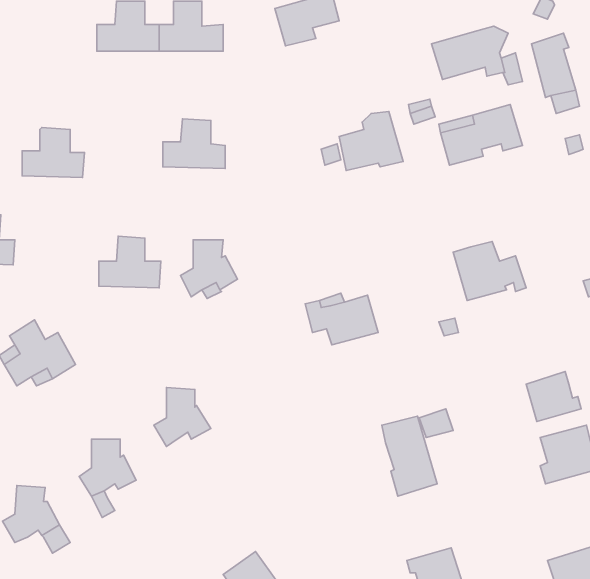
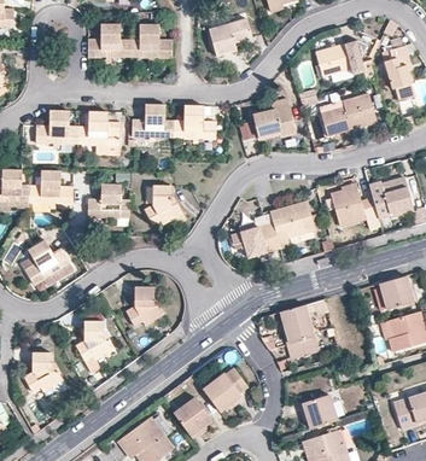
building: none -> [175,106,216,139]
building: none -> [78,111,121,145]
building: none -> [31,170,74,204]
building: none -> [368,176,413,218]
building: none -> [269,202,314,249]
building: none -> [203,367,246,409]

